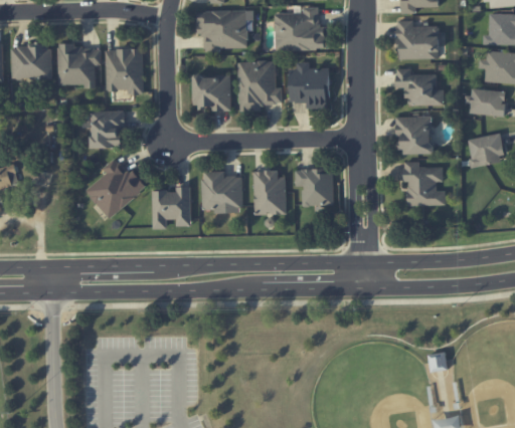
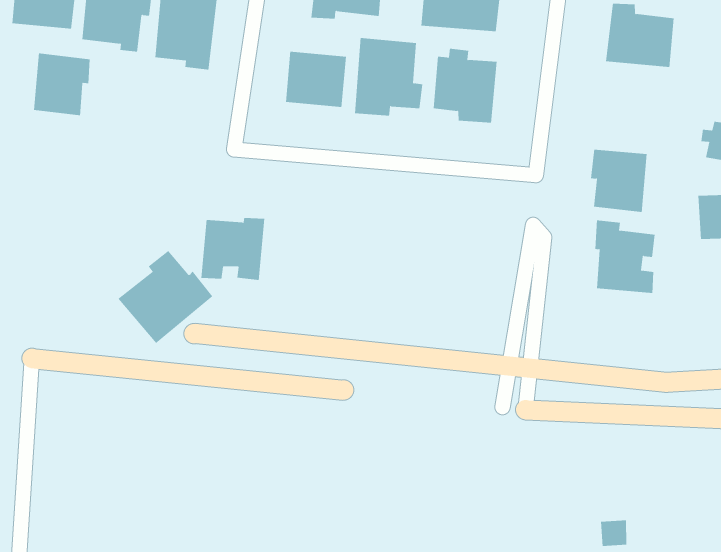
building: [396,68,444,105] -> none
building: [90,111,125,148] -> [33,53,91,116]
building: [84,158,146,219] -> [117,250,213,344]
building: [296,169,333,206] -> none
building: [202,171,242,209] -> none
building: [253,171,286,214] -> none

